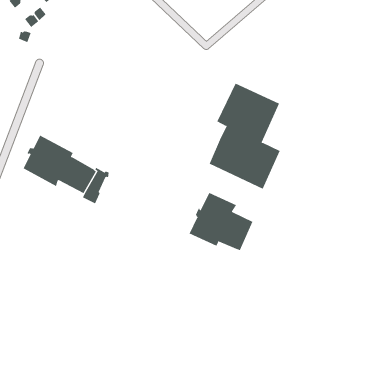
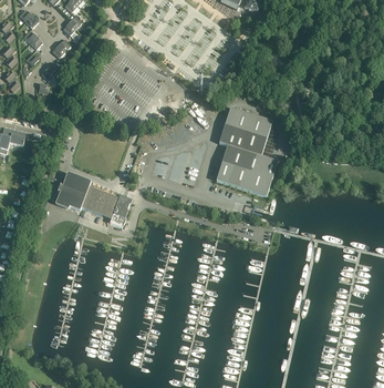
building: [189,192,253,251] -> none

